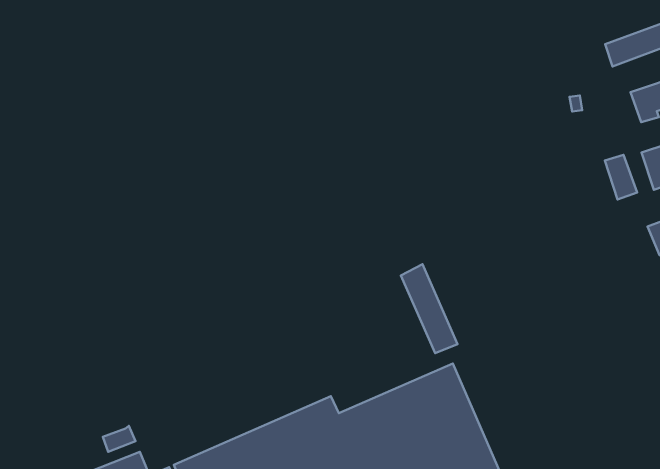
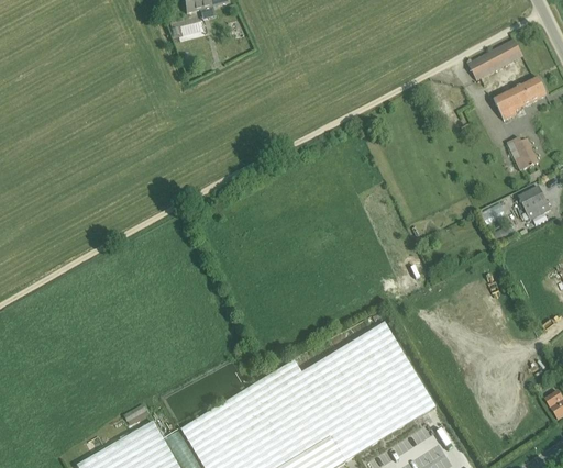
building: [605,155,637,199] -> none
building: [401,264,458,353] -> none

